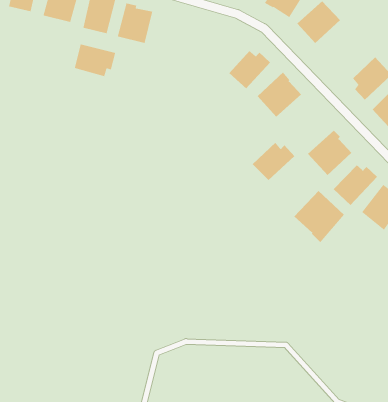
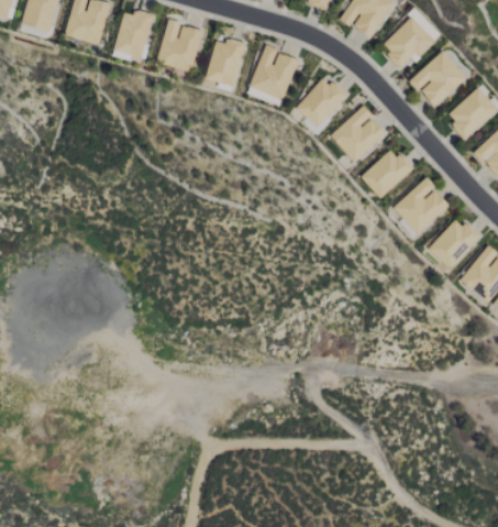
building: none -> [207,39,246,85]
building: none -> [251,44,299,99]
building: none -> [409,51,468,108]
building: [74,43,116,77] -> none
building: [252,142,295,181] -> [361,150,414,198]
building: [293,190,345,243] -> none

